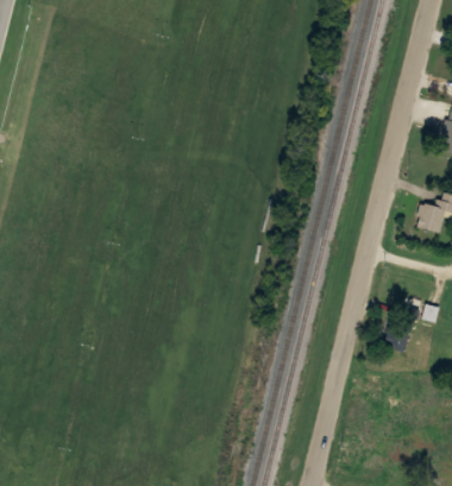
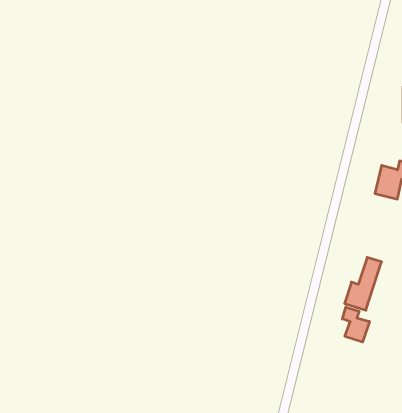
building: none -> [342,307,369,342]

